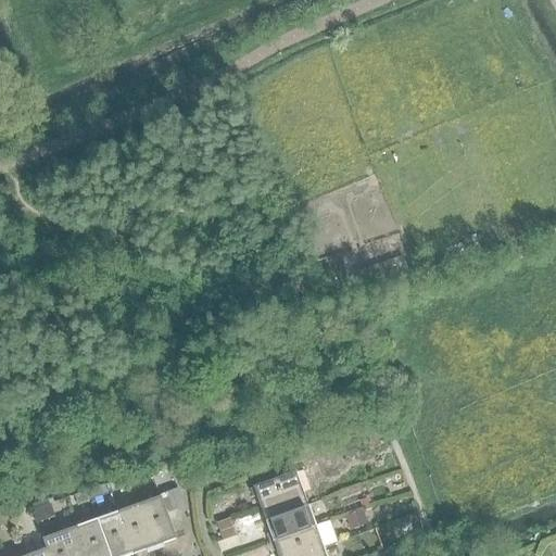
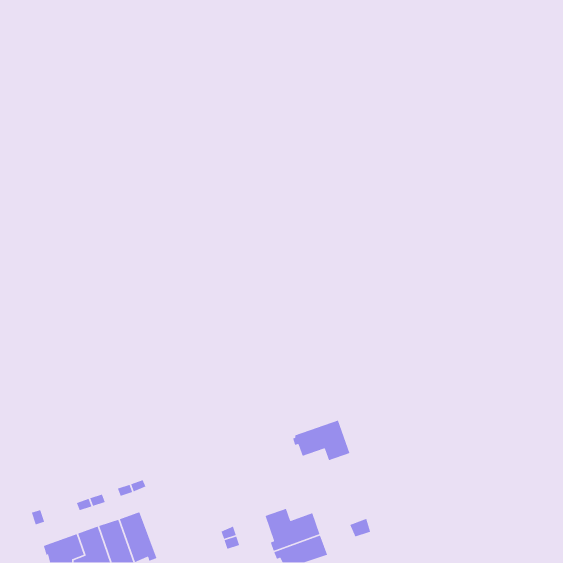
building: [251,471,308,513] -> [292,419,351,461]
building: [138,490,182,551] -> none

